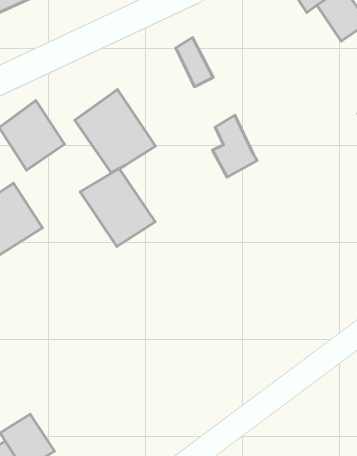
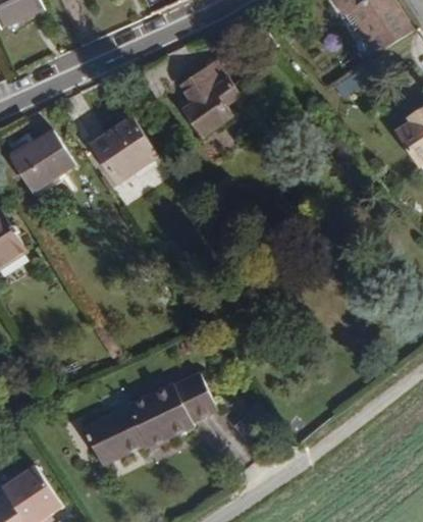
building: [212,115,257,177] -> [173,64,222,133]
building: [80,169,155,247] -> none
building: none -> [88,355,217,455]

